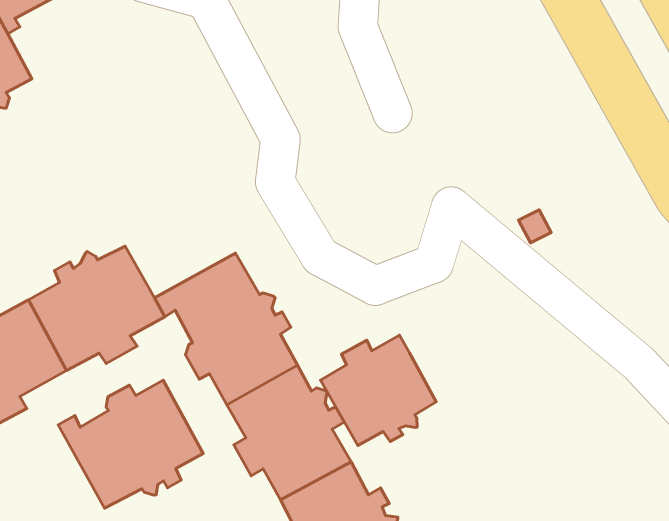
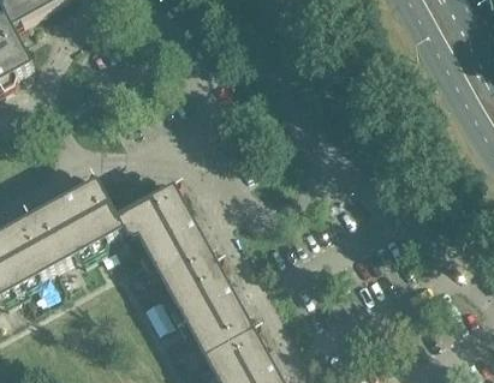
building: [321,335,436,445] -> none
building: [58,380,203,508] -> none

